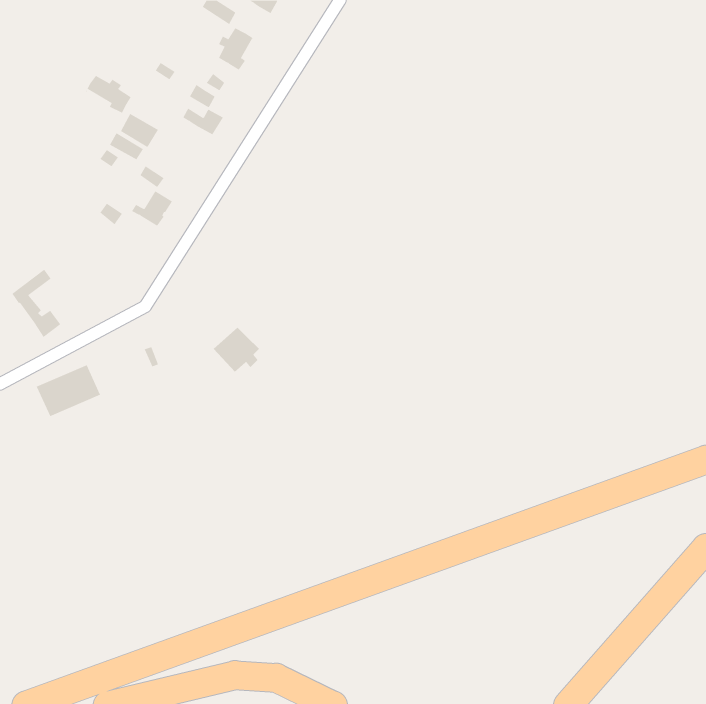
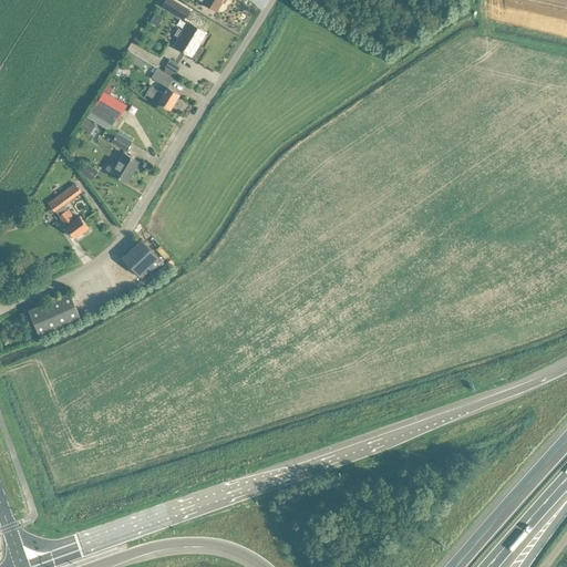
building: [85,75,132,114] -> none
building: [11,269,61,338] -> [49,184,89,239]
building: [213,327,260,372] -> [122,240,159,277]

